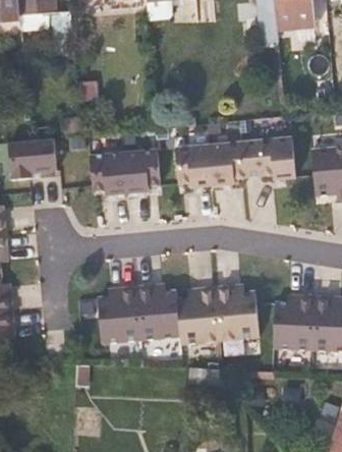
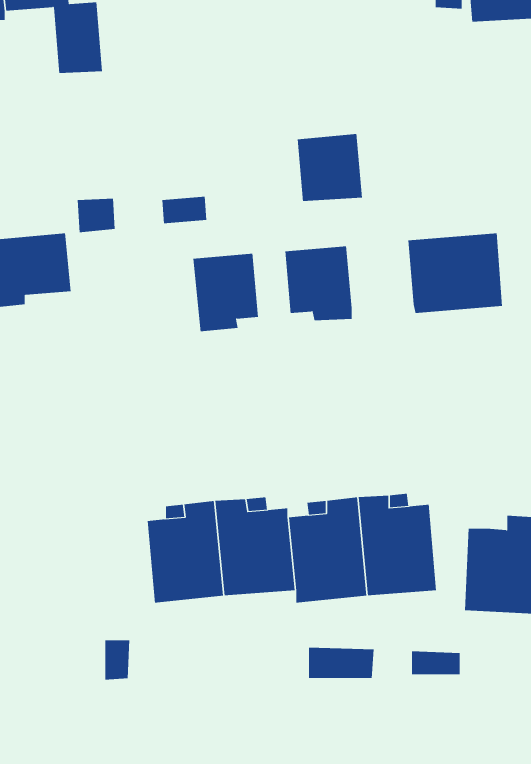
building: [209,142,245,179] -> [297,134,363,201]
building: [90,152,127,194] -> none

